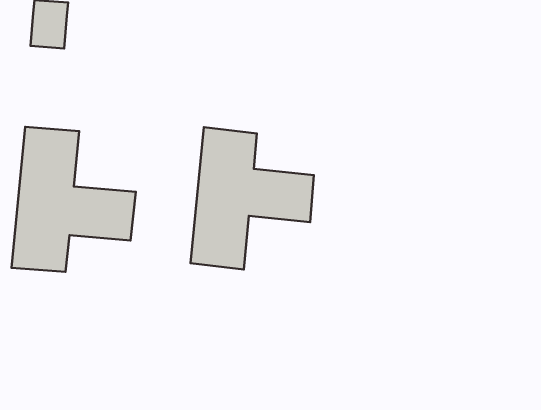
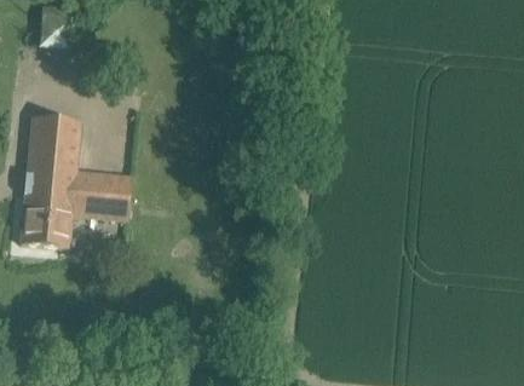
building: [191,127,314,269] -> none

